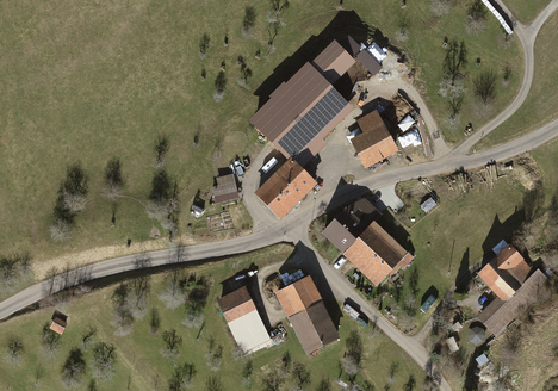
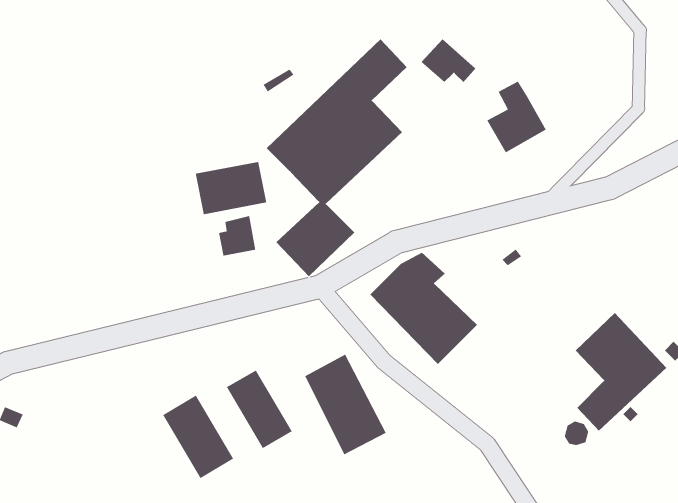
building: [351,112,396,167] -> [486,80,547,154]
building: none -> [195,161,267,215]
building: none -> [162,394,234,479]

